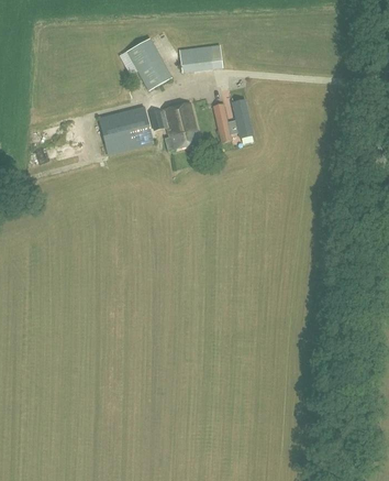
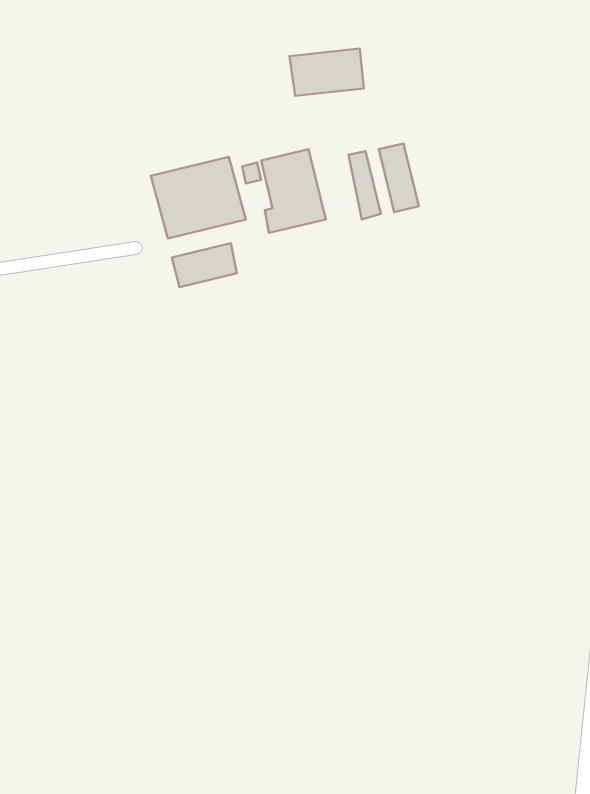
building: [125,39,170,90] -> none
building: none -> [172,243,237,287]

